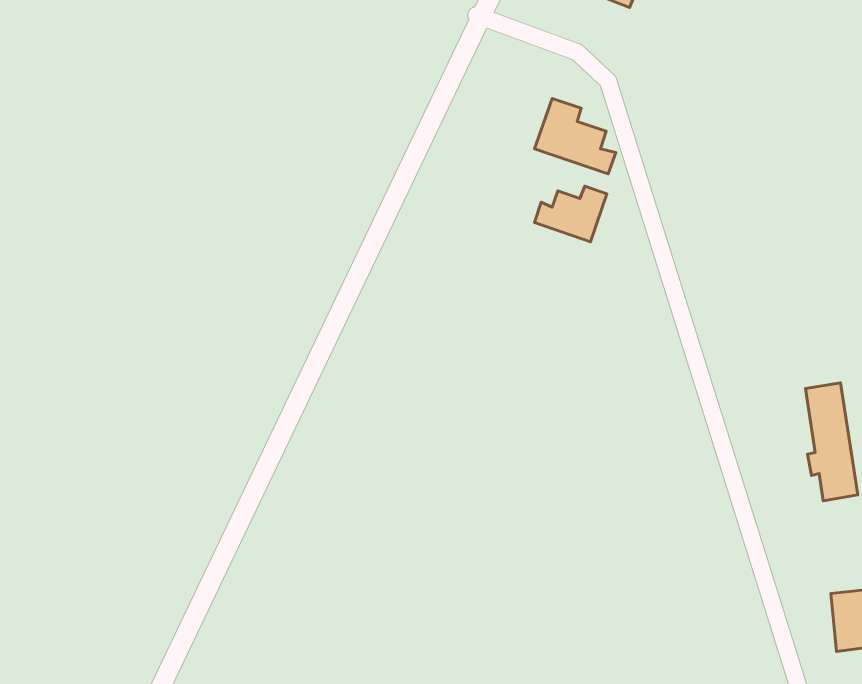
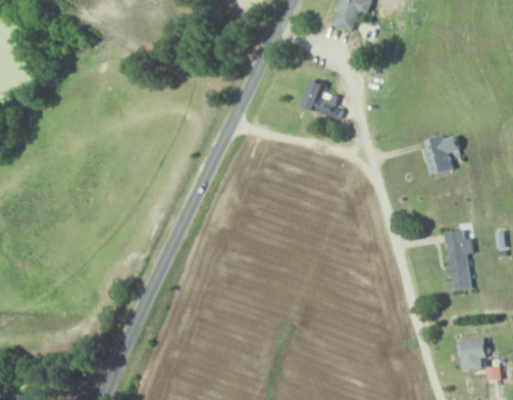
building: [534,186,607,242] -> none
building: none -> [422,135,460,176]

